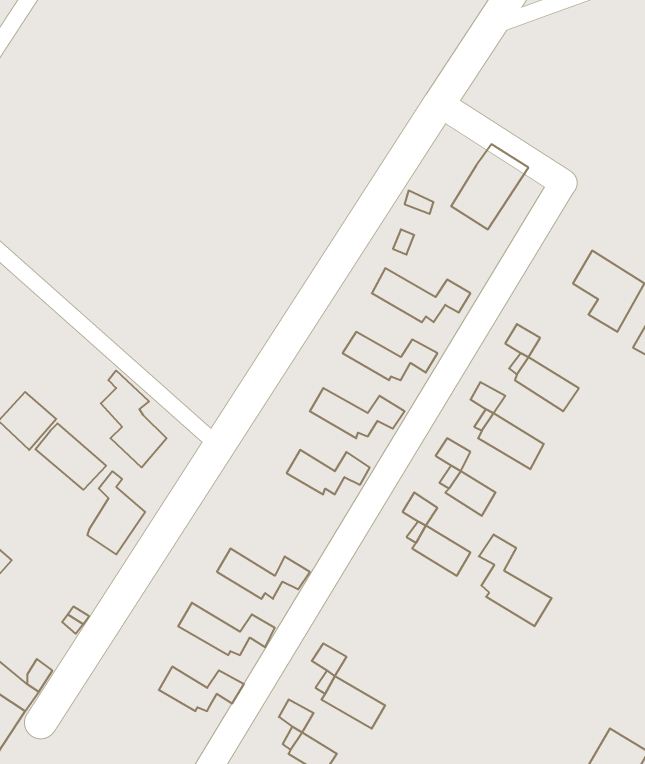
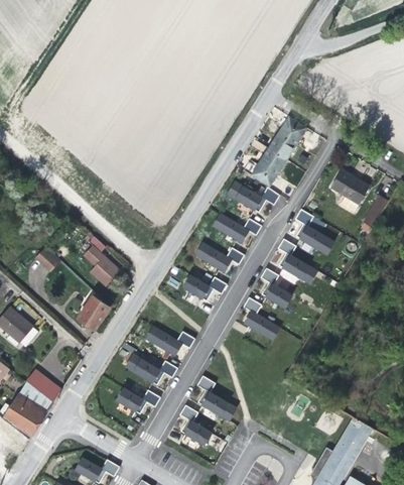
building: none -> [251,147,287,188]
building: [35,423,106,490] -> none
building: [479,534,552,626] -> none

